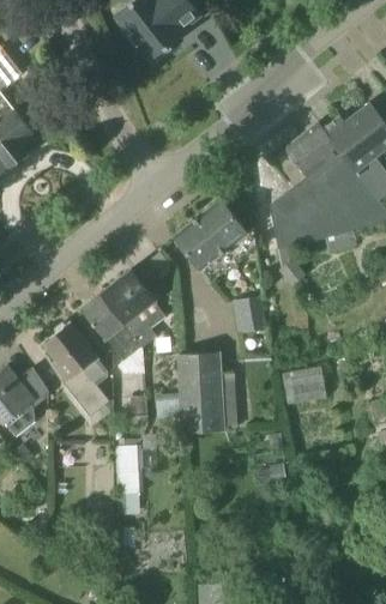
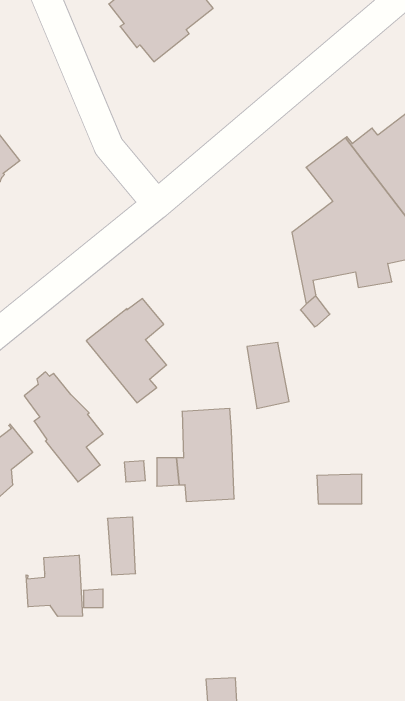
building: [174,199,255,282] -> none
building: [82,296,140,361] -> none
building: [285,374,324,399] -> [317,474,362,504]
building: none -> [26,555,83,616]

